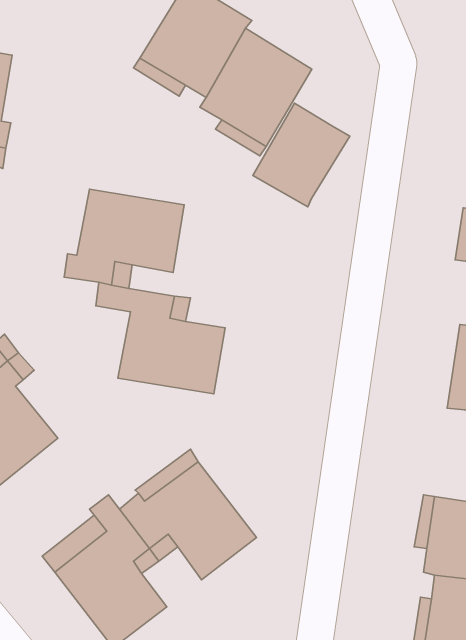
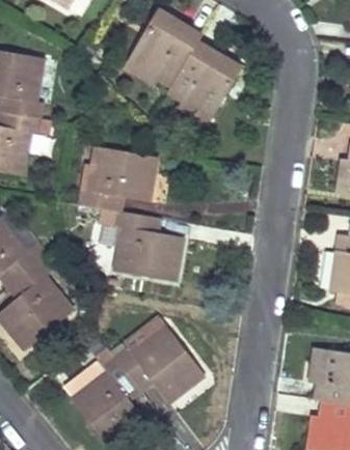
building: [253,103,350,207] -> none

